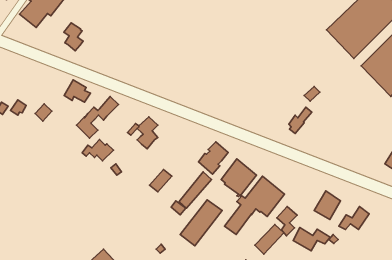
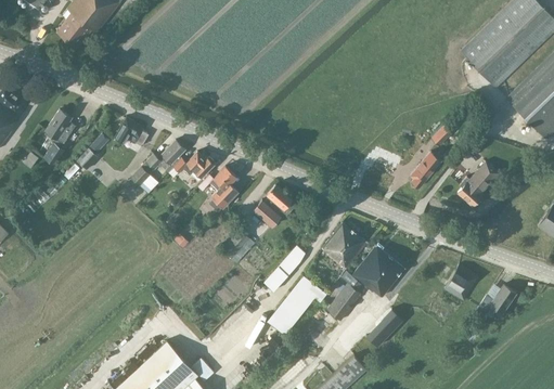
building: [64,23,83,51] -> none
building: none -> [44,109,75,144]
building: none -> [456,161,500,208]
building: [82,140,113,161] -> [173,152,215,180]
building: [198,142,228,174] -> [253,185,292,228]
building: [277,207,297,236] -> none
building: [293,228,330,251] -> none

